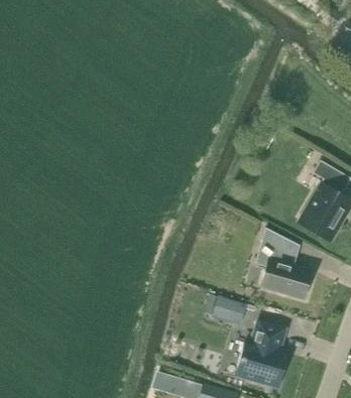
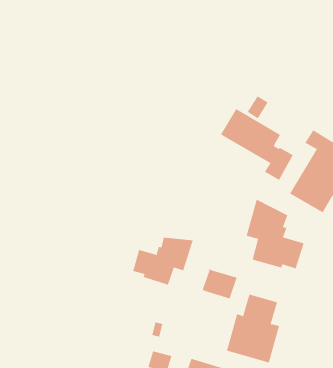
building: none -> [220,108,294,181]
building: none -> [133,237,194,285]

